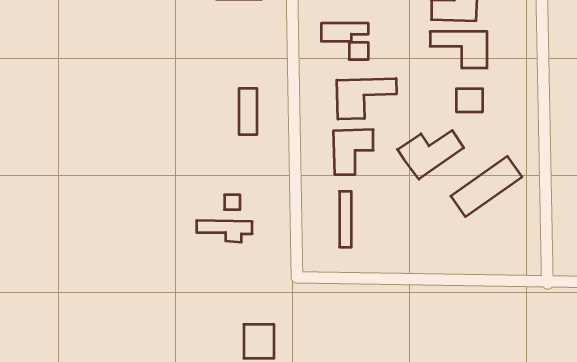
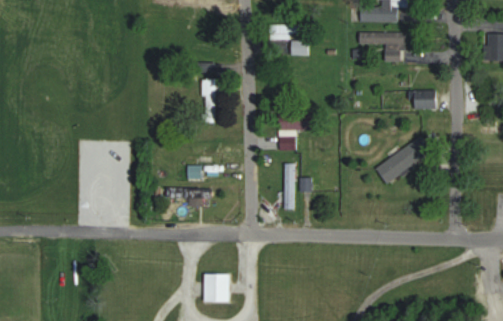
building: [337,78,396,119] -> none
building: [456,89,483,112] -> [414,90,436,109]
building: [397,130,464,179] -> none

